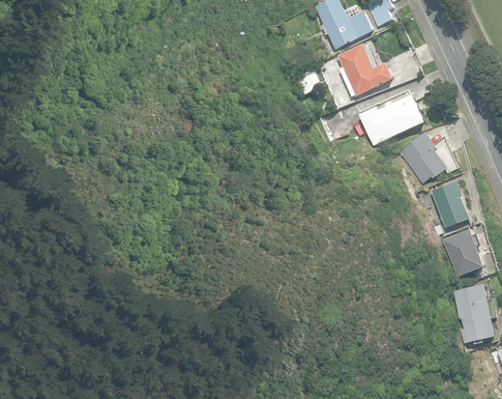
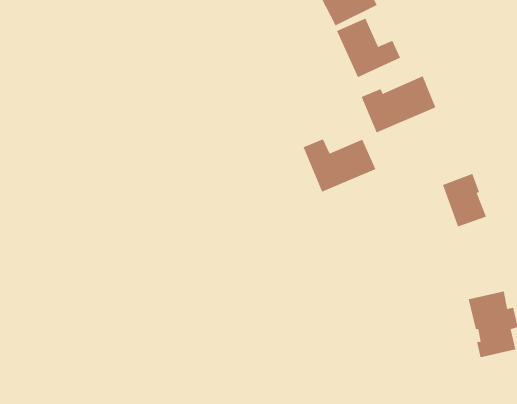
building: [398,132,446,184] -> none
building: none -> [303,138,376,193]
building: [441,229,483,277] -> none

